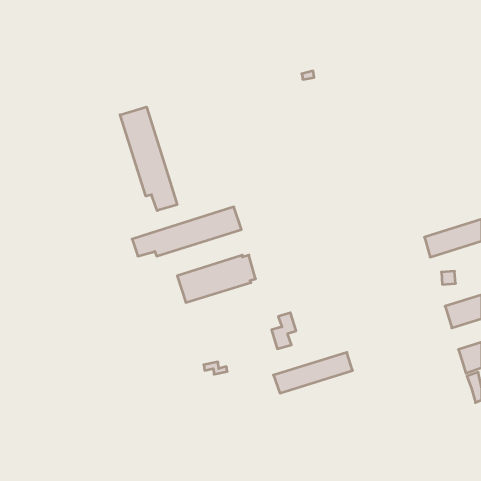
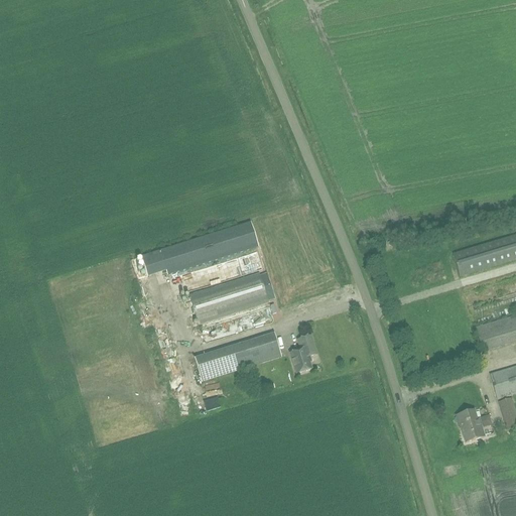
building: [120,107,177,211] -> none
building: [273,352,353,393] -> [196,337,280,380]
building: none -> [457,409,486,441]

